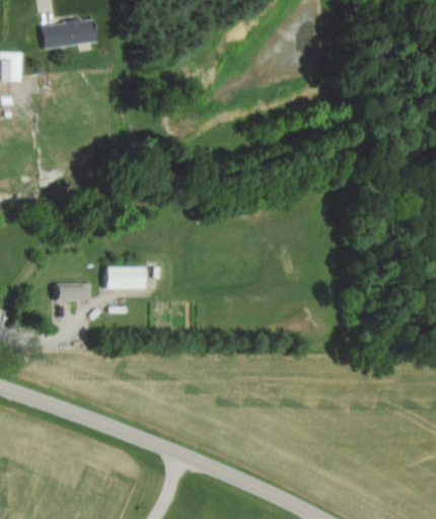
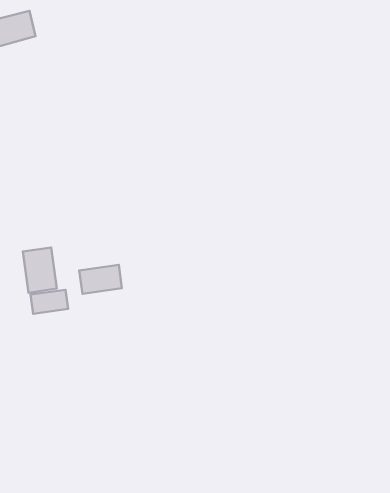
building: none -> [23,247,57,293]

